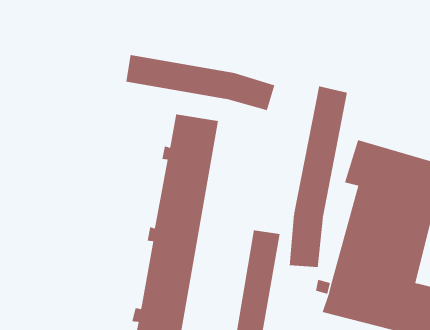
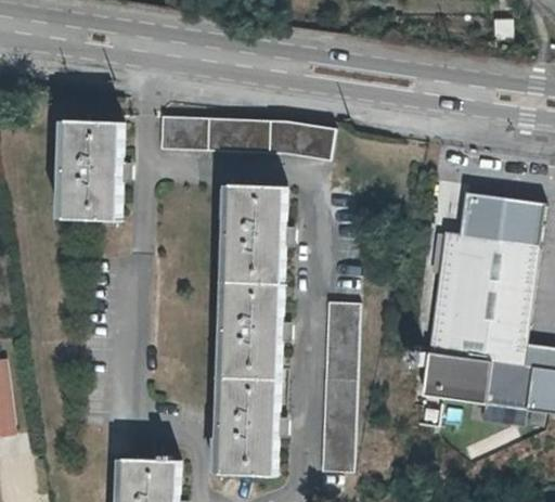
building: none -> [55,111,117,210]
building: [289,86,348,268] -> none

